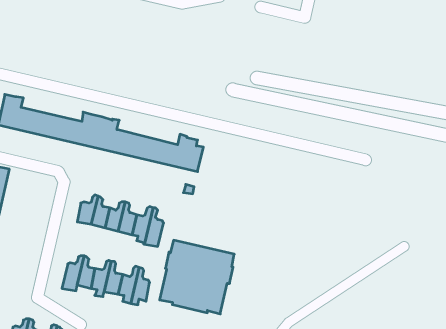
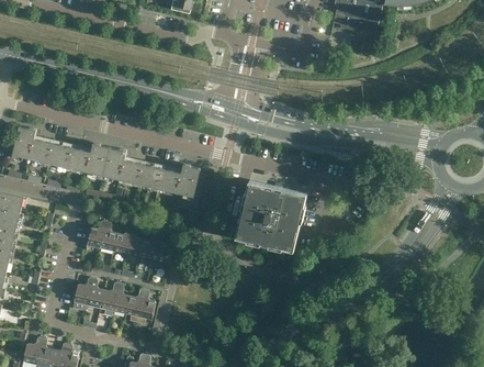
building: [160,240,234,314] -> [236,180,306,249]

